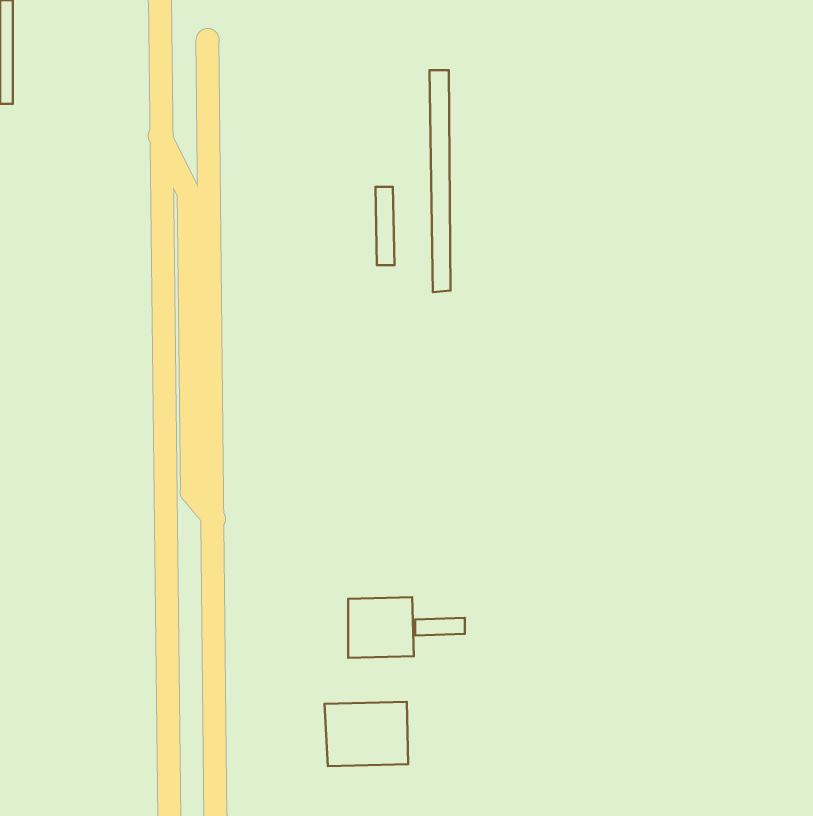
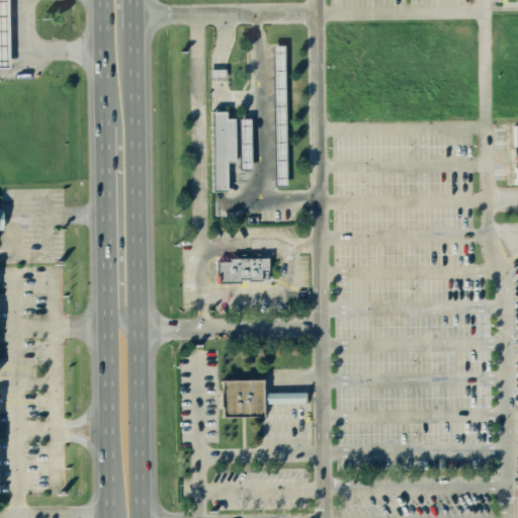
building: none -> [212,110,237,190]
building: none -> [219,257,270,281]
building: [325,702,408,766] -> none

